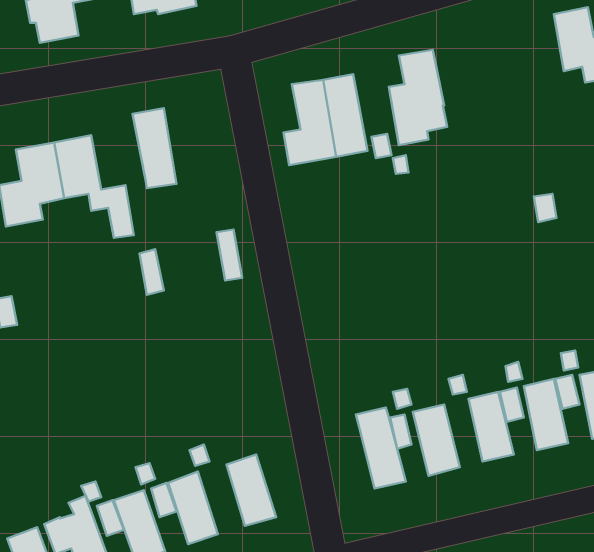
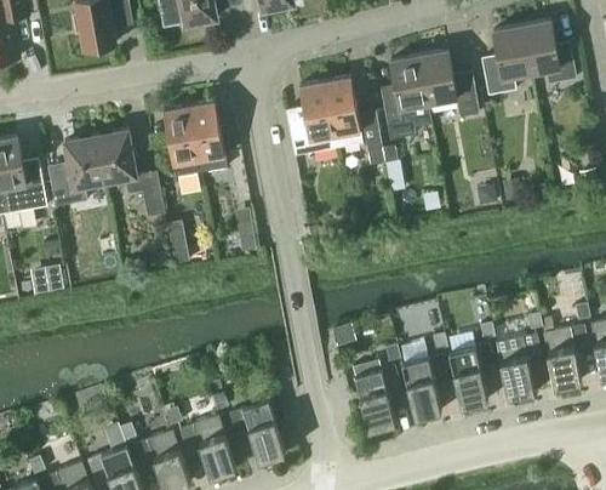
building: none -> [481,25,530,95]
building: none -> [418,50,479,116]
building: none -> [189,101,225,170]

